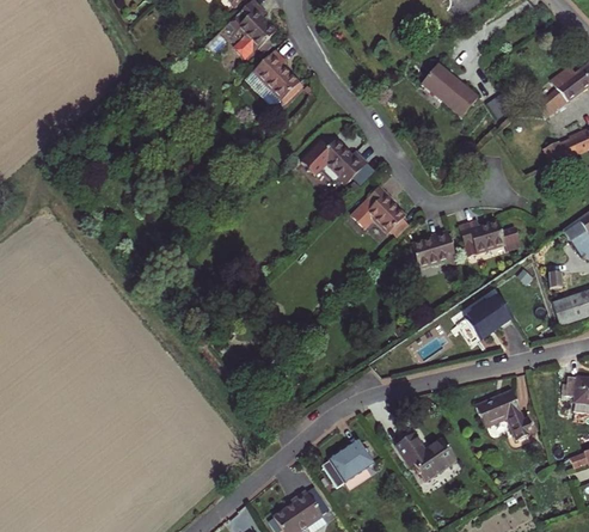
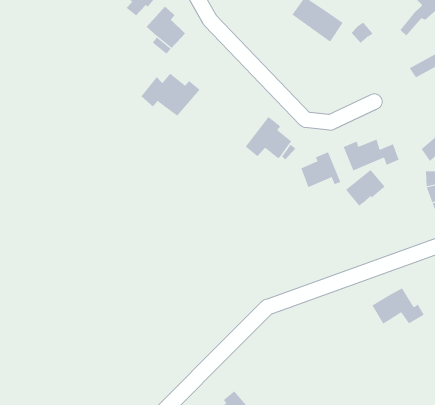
building: [301,142,369,192] -> [140,73,200,117]
building: [470,293,515,334] -> [345,169,385,207]
building: [399,435,460,483] -> none
building: [325,441,376,488] -> none

